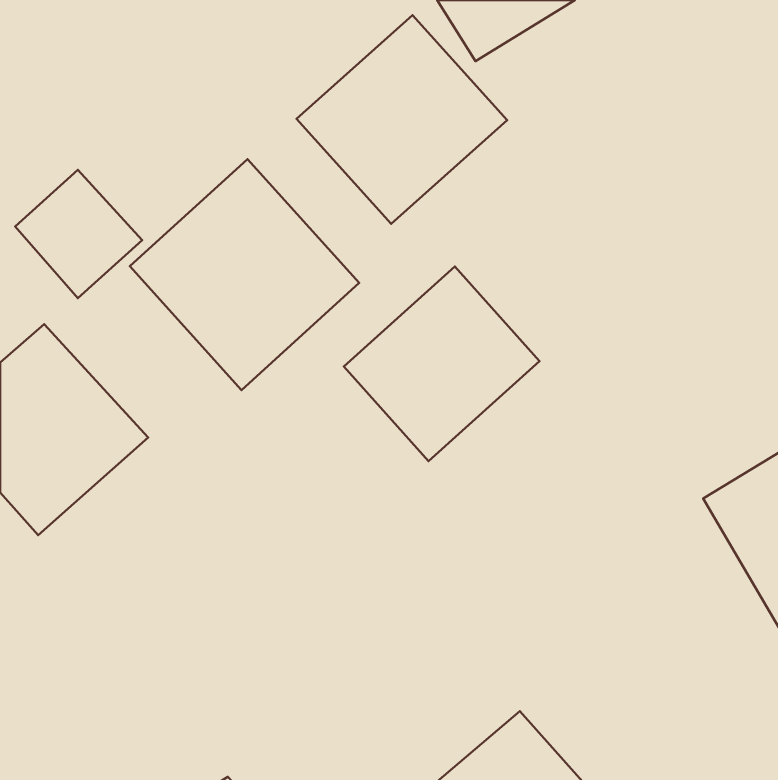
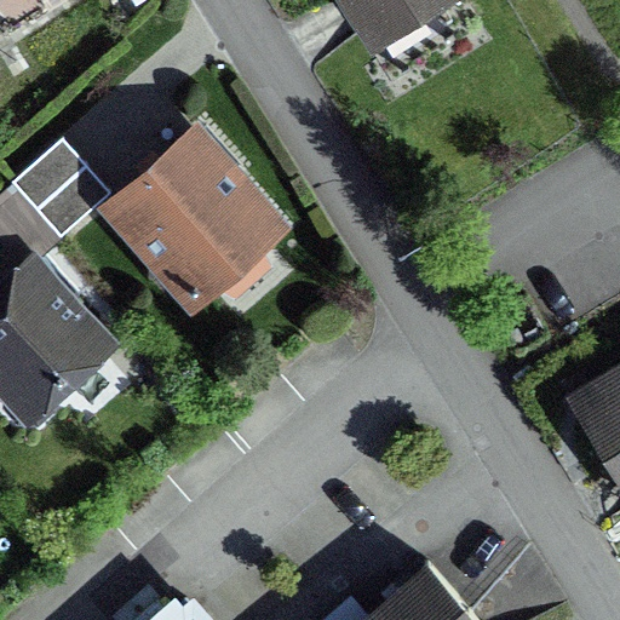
building: [296,15,507,224] -> none
building: [344,266,539,461] -> none

